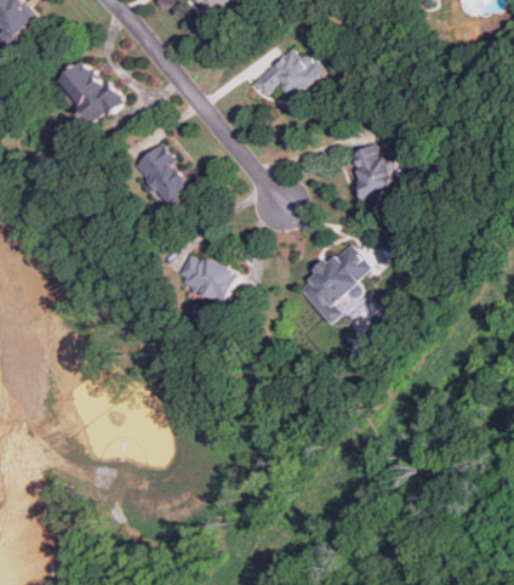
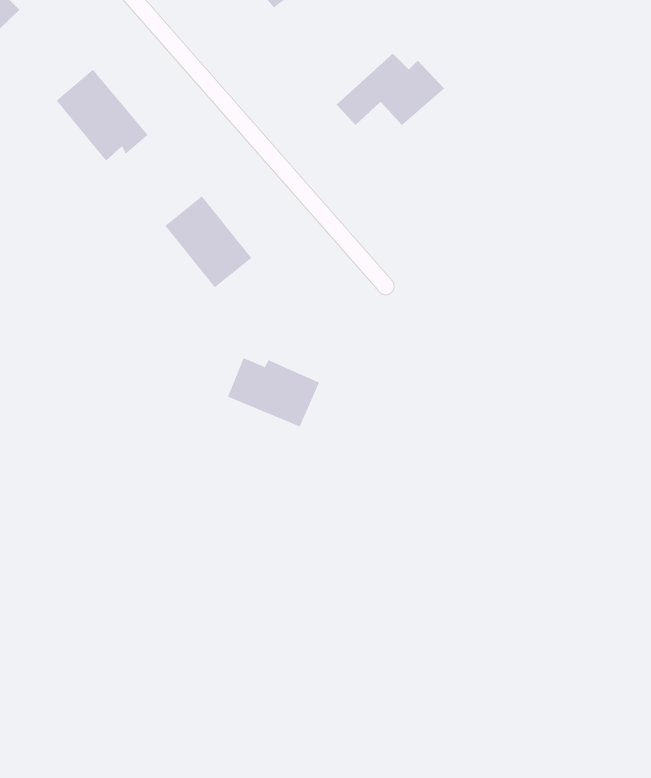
building: [348,142,394,200] -> none
building: [297,243,370,324] -> none

